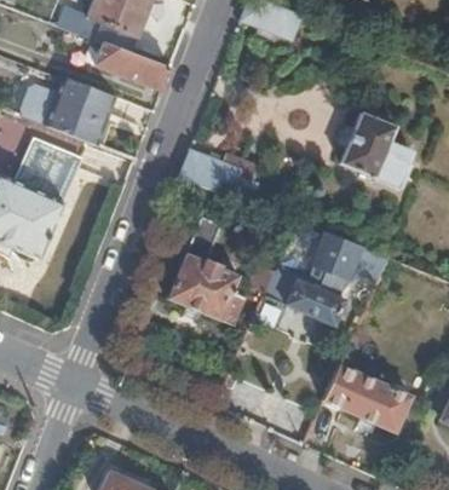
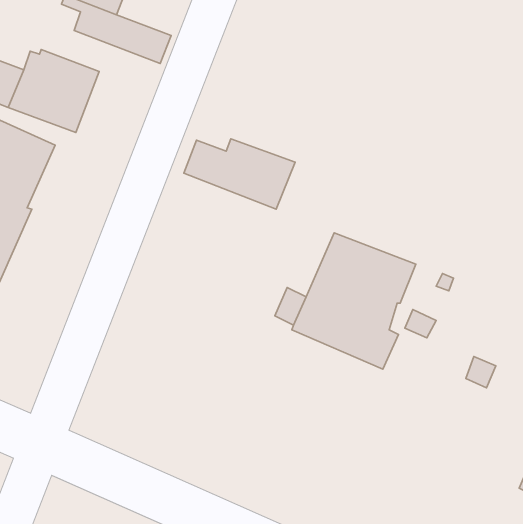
building: [340,111,410,186] -> none
building: [167,214,243,324] -> none
building: [324,365,410,431] -> none

